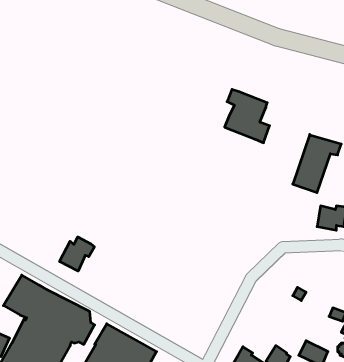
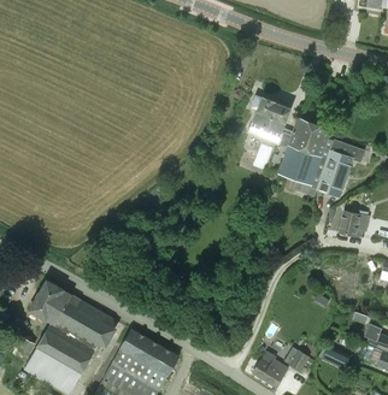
building: none -> [278,117,333,189]
building: [60,237,94,271] -> none

